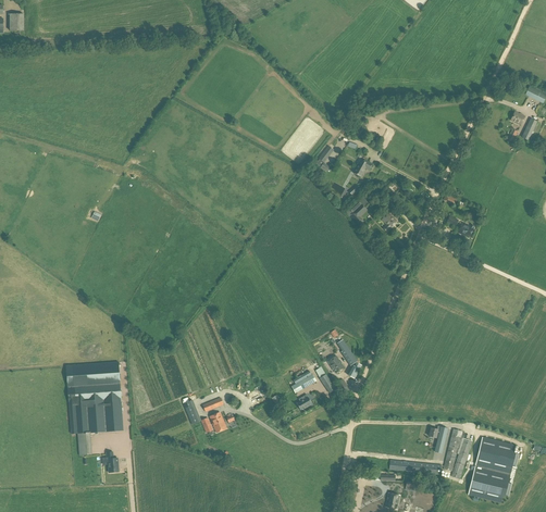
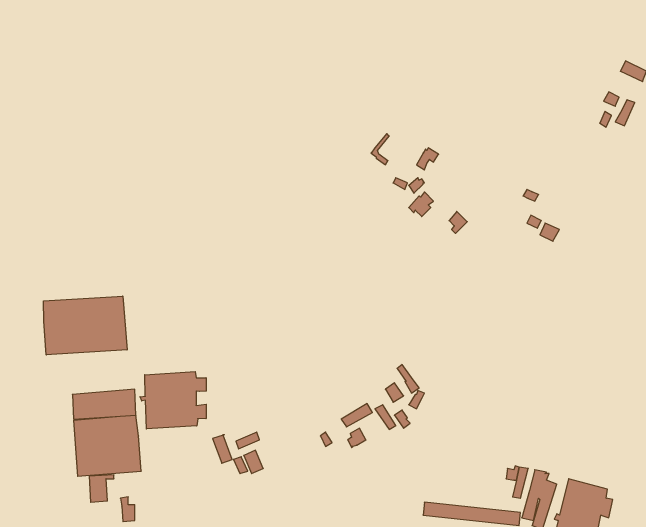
building: none -> [44,296,127,355]
building: none -> [140,372,206,429]

